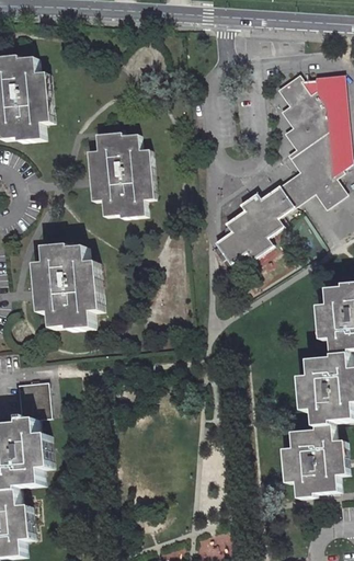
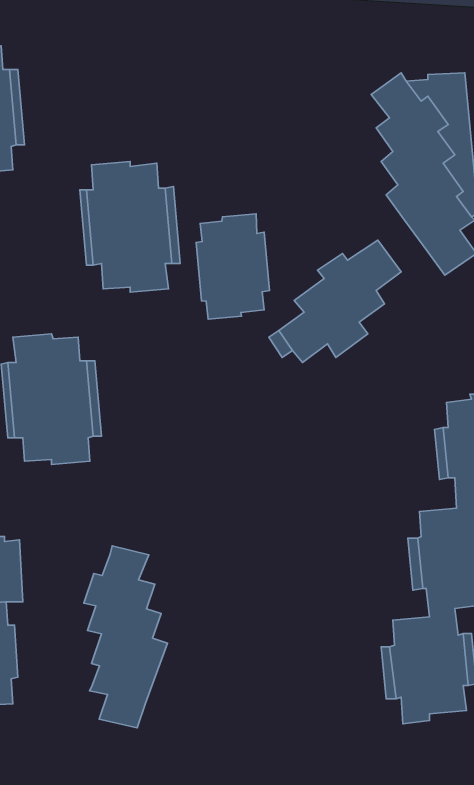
building: none -> [196,214,269,319]
building: [281,170,313,204] -> none
building: none -> [84,546,167,728]

